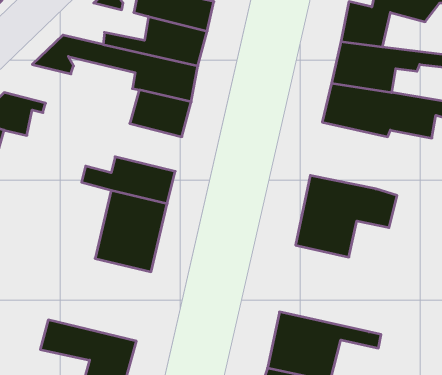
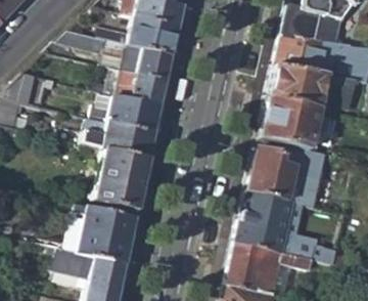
building: none -> [92,95,160,133]
building: none -> [259,95,318,146]
building: none -> [235,189,313,256]
building: none -> [28,195,136,263]

